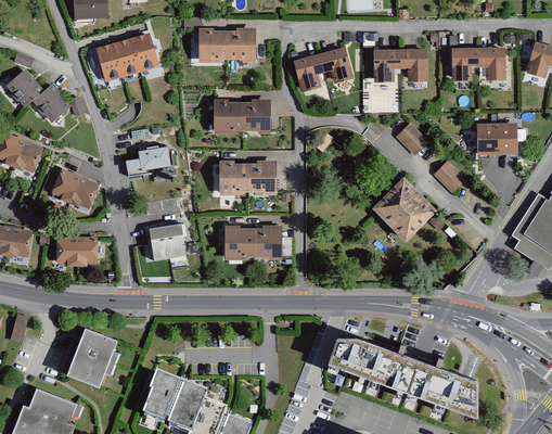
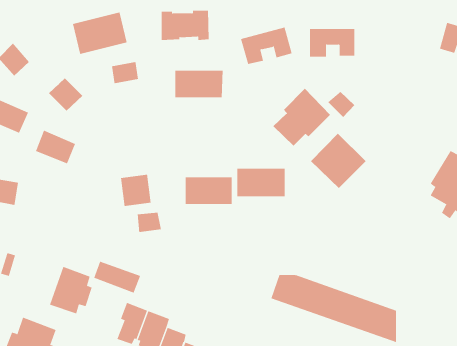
building: [450,49,504,81] -> none
building: [31,81,73,122] -> [48,78,83,112]
building: none -> [273,88,331,147]
building: [475,124,516,156] -> none
building: [139,143,171,169] -> [111,62,139,84]
building: [219,159,277,193] -> [237,168,285,197]
building: [433,161,465,192] -> none
building: [55,238,95,265] -> none
building: none -> [137,212,161,233]
building: none -> [93,261,141,293]

